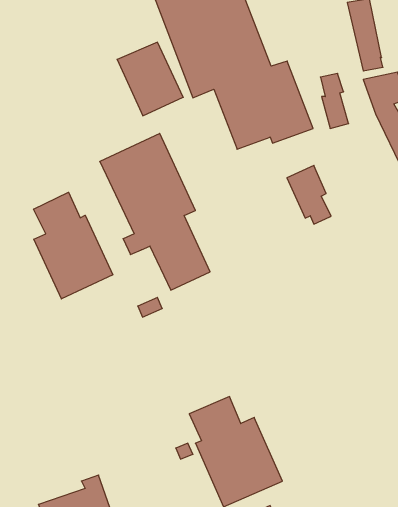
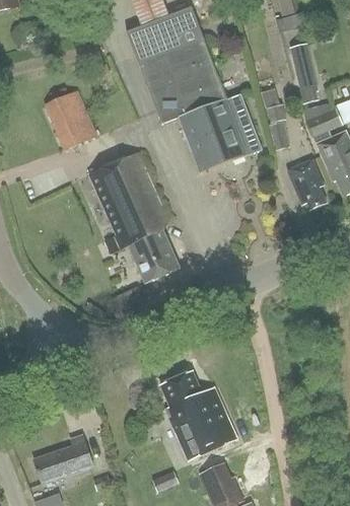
building: [117,42,183,116] -> [43,88,97,149]
building: [287,165,331,224] -> [289,159,326,208]
building: [34,192,113,299] -> none

